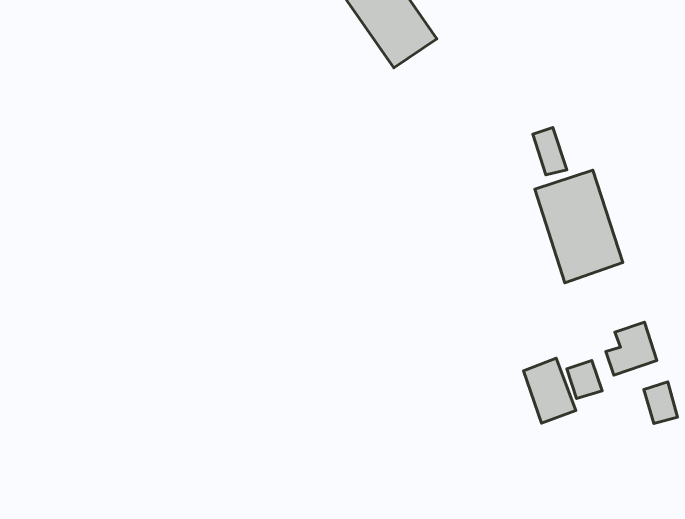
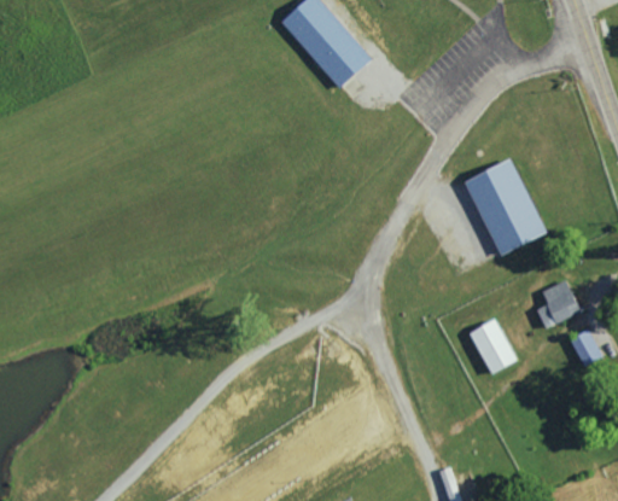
building: [533,128,567,175] -> none
building: [567,361,602,398] -> none

